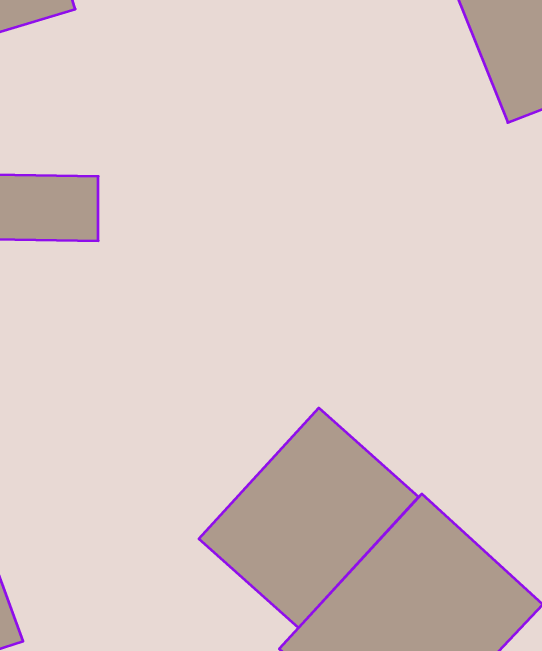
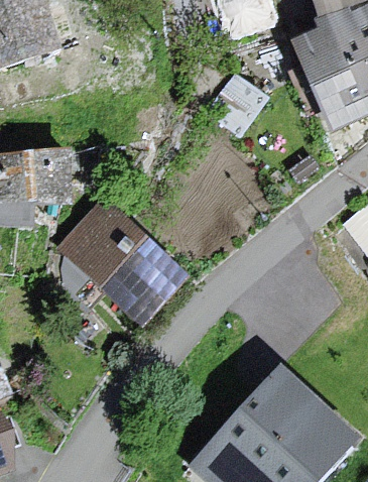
building: none -> [64,202,186,322]
building: [199,408,418,628] -> none

